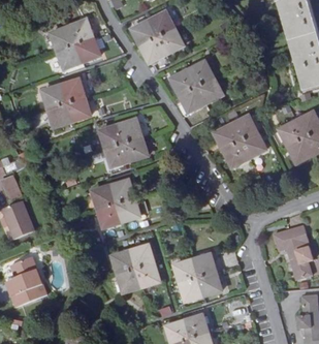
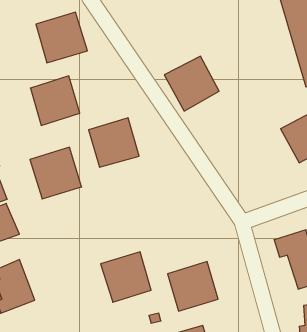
building: [132,12,183,61] -> none
building: [215,116,265,166] -> none
building: [91,181,139,229] -> [30,147,82,199]

